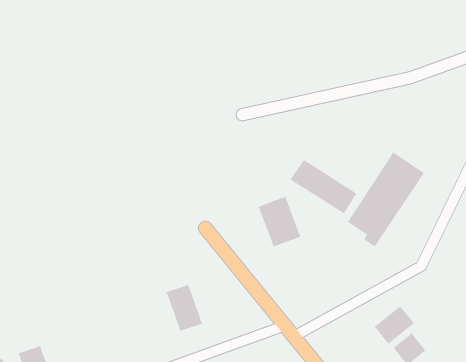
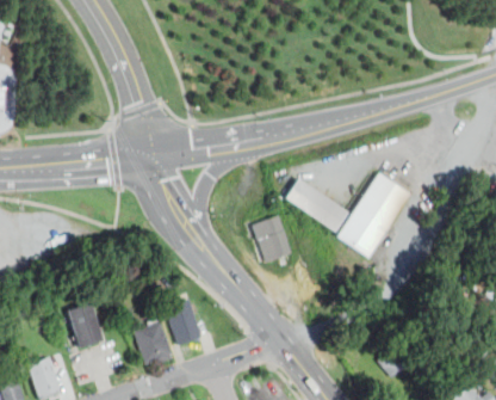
building: none -> [67,302,103,347]
building: [374,306,415,344] -> none
building: none -> [134,320,172,363]

